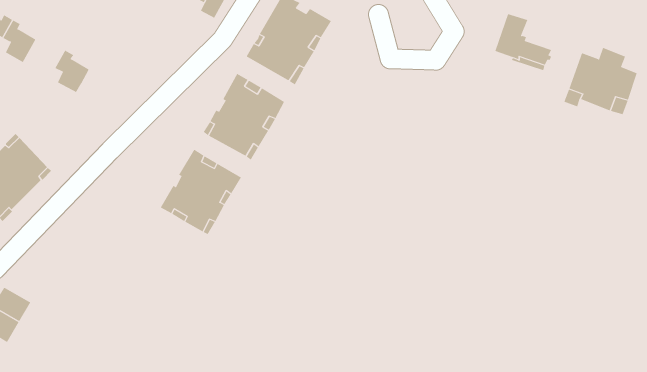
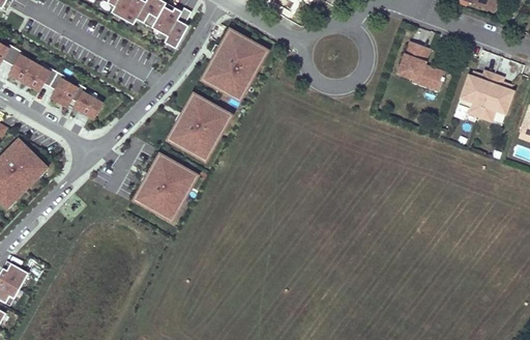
building: none -> [23,64,56,91]
building: none -> [69,84,100,118]

